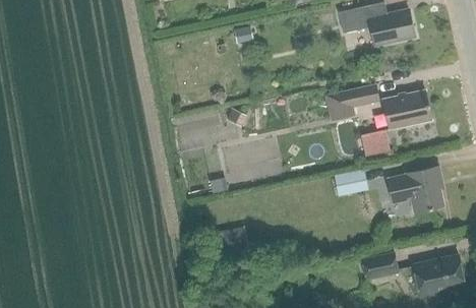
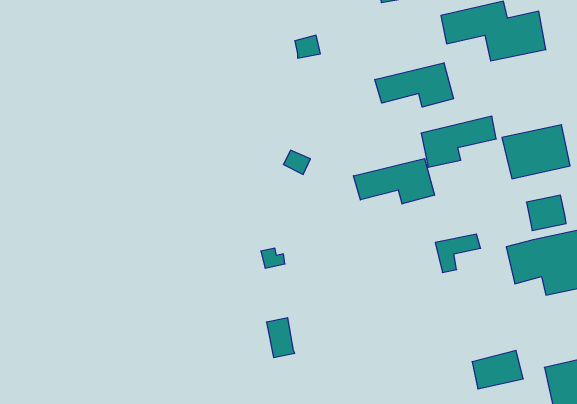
building: none -> [375,63,454,107]
building: none -> [353,159,435,204]
building: [360,130,389,156] -> [526,195,566,231]

